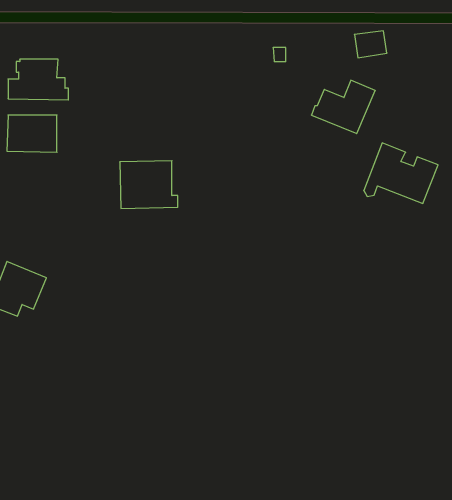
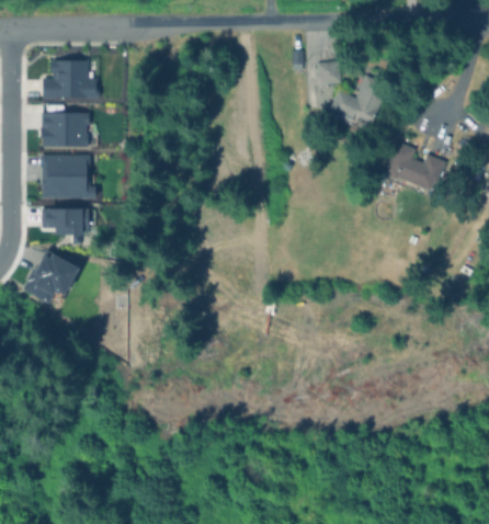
building: [354,31,387,58] -> [317,58,348,83]
building: [120,161,178,208] -> [39,153,94,198]
building: none -> [41,208,88,233]

